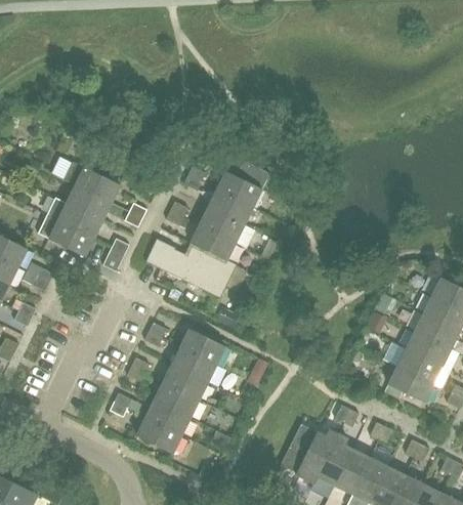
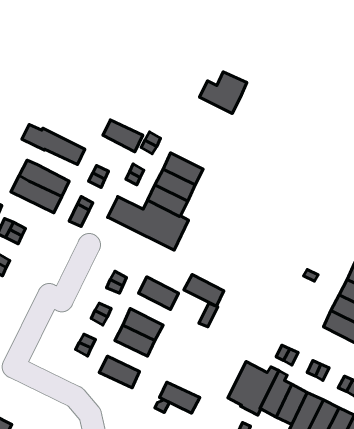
building: [216,160,269,207] -> [199,72,247,114]
building: [67,184,112,220] -> [103,120,143,152]
building: [171,346,216,382] -> [184,274,224,306]
building: [145,399,191,434] -> [160,382,200,413]

